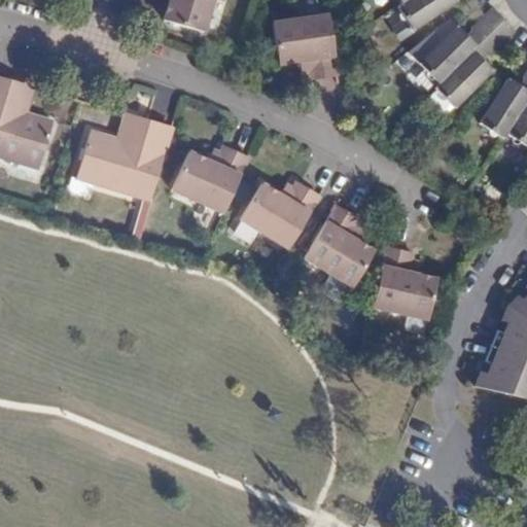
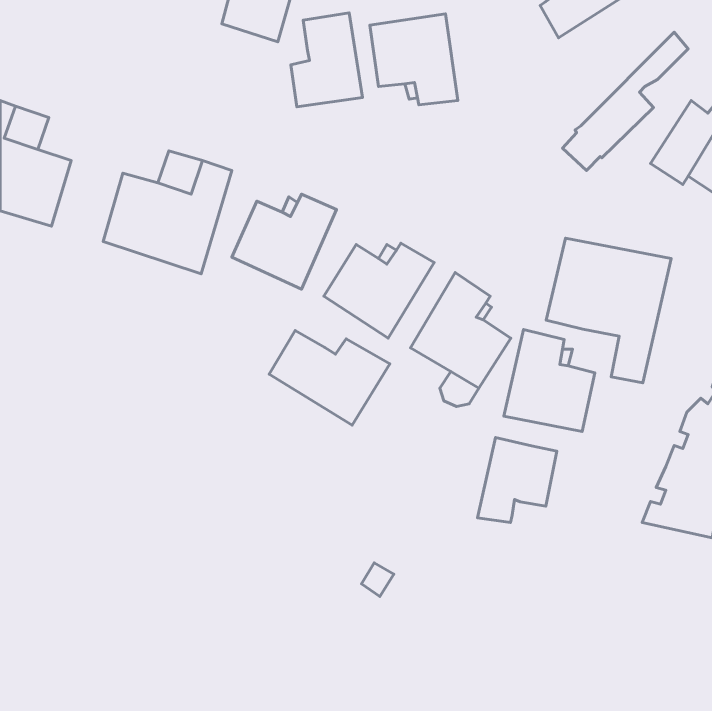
building: none -> [291,13,362,107]
building: [410,12,498,93] -> none
building: none -> [546,238,671,383]
building: none -> [269,330,390,425]
building: none -> [478,437,557,523]

